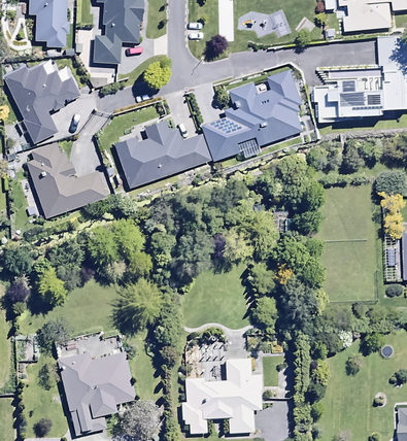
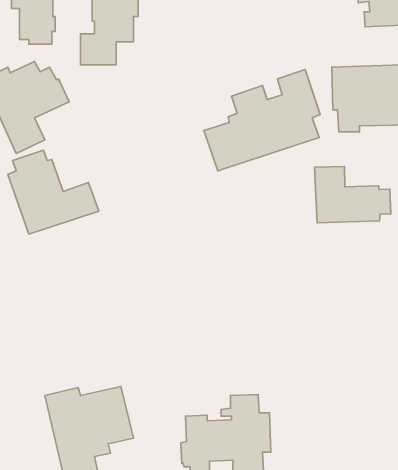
building: [112,120,209,186] -> none
building: none -> [315,166,391,223]

